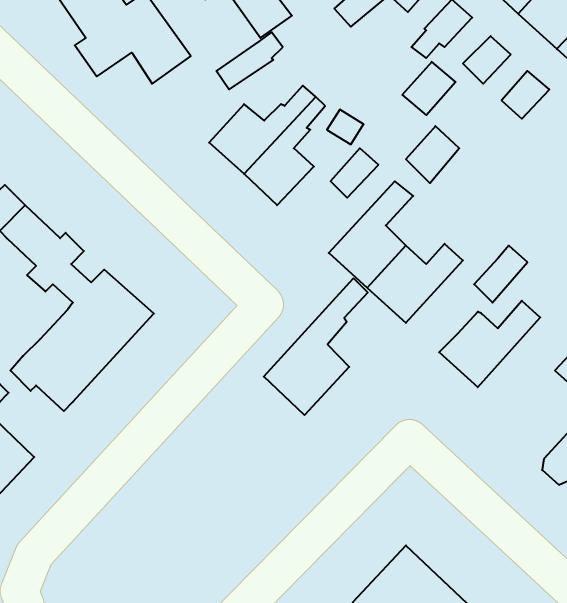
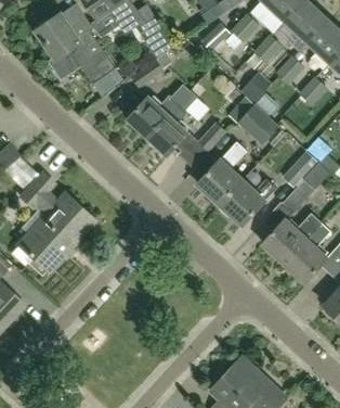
building: none -> [282,151,317,188]
building: [264,278,368,415] -> none
building: none -> [285,222,331,282]

